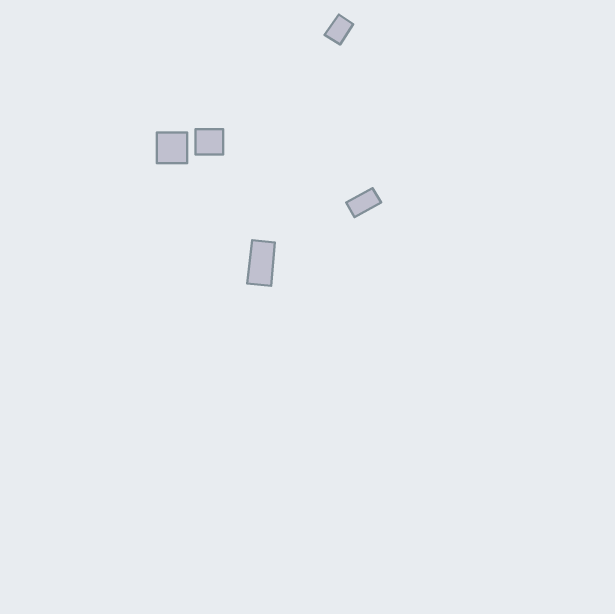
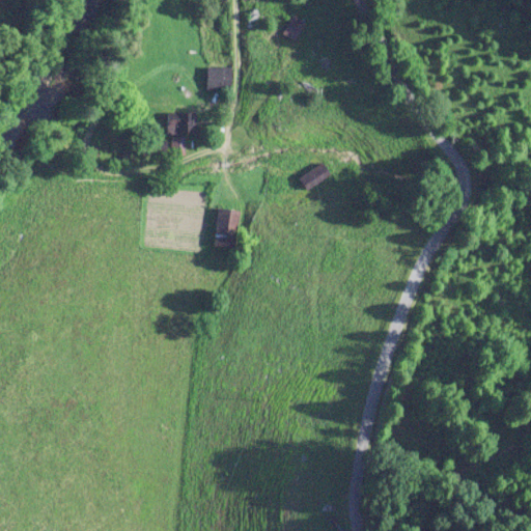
building: none -> [207,66,229,89]
building: [157,132,187,163] -> none

